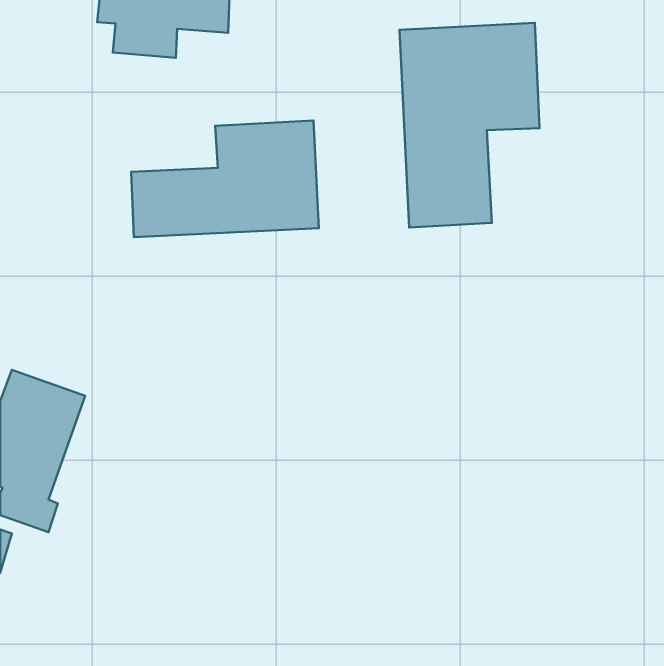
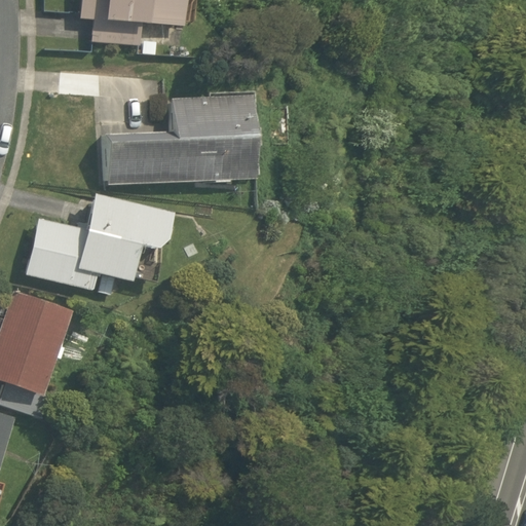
building: [399,23,540,228] -> none
building: none -> [26,194,172,288]

